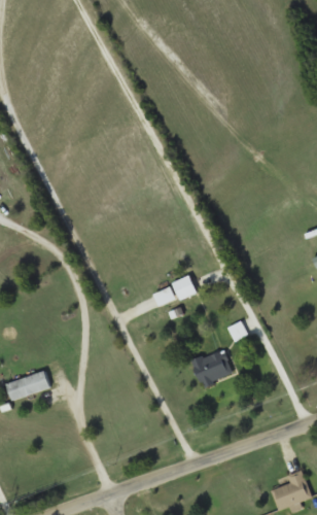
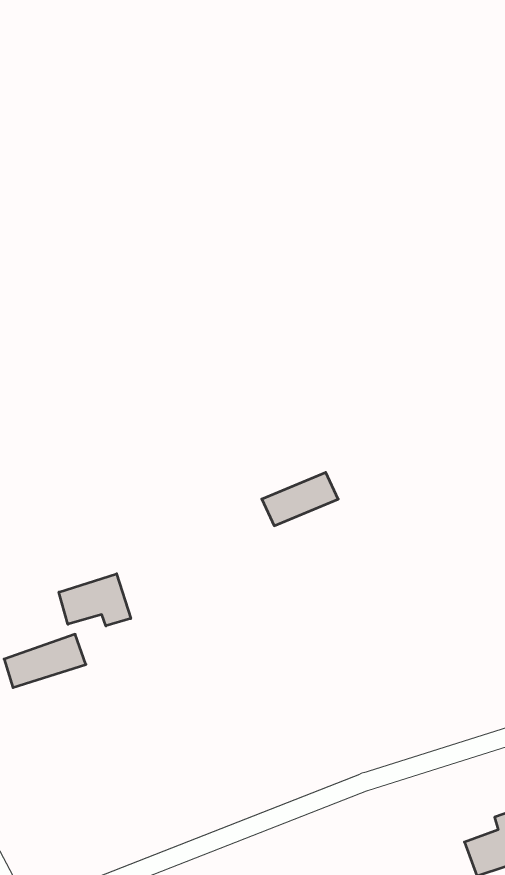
building: none -> [59,574,131,626]
building: [191,348,234,387] -> none

